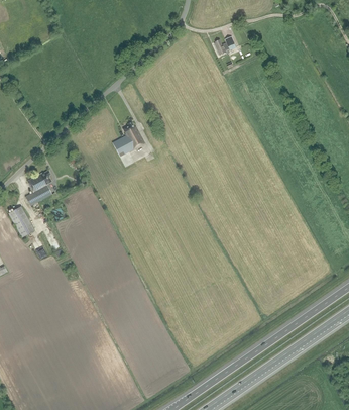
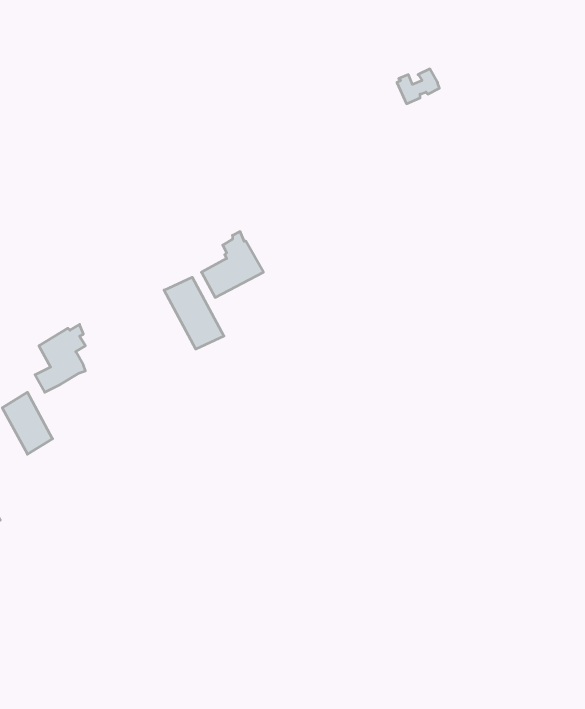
building: none -> [164,277,224,349]

